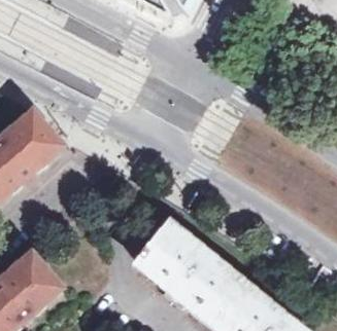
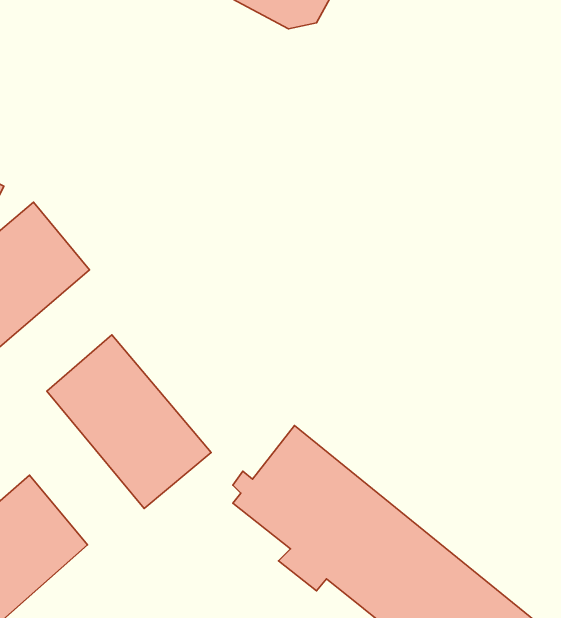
building: none -> [47,335,211,508]

